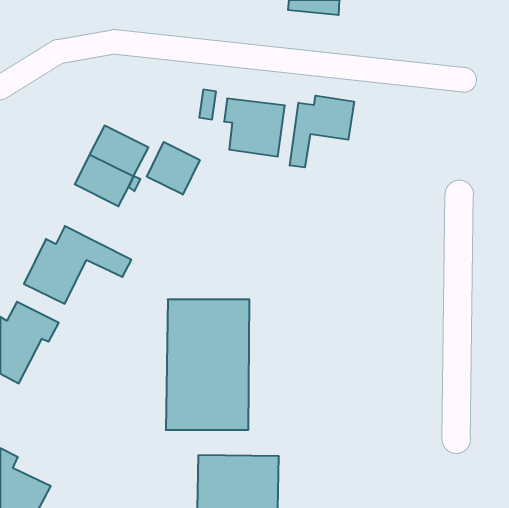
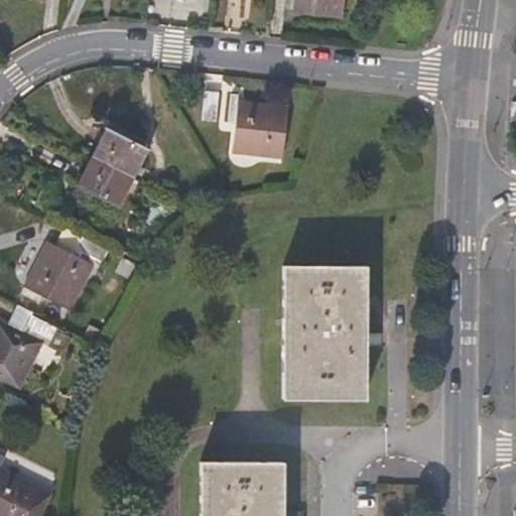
building: [290,96,354,167] -> none
building: [147,142,200,195] -> none
building: [166,299,249,430] -> [281,267,366,399]

